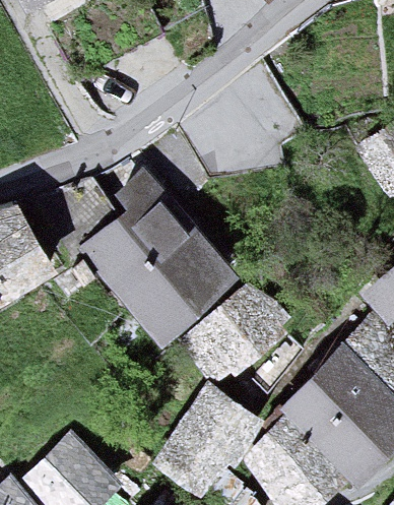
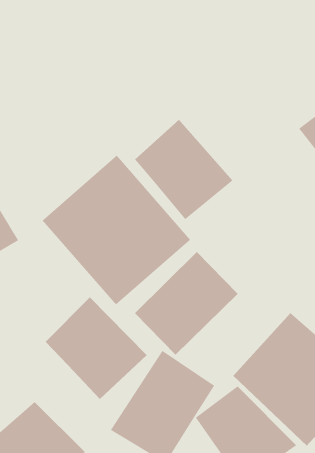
building: none -> [134,119,233,220]
building: none -> [45,296,148,400]

